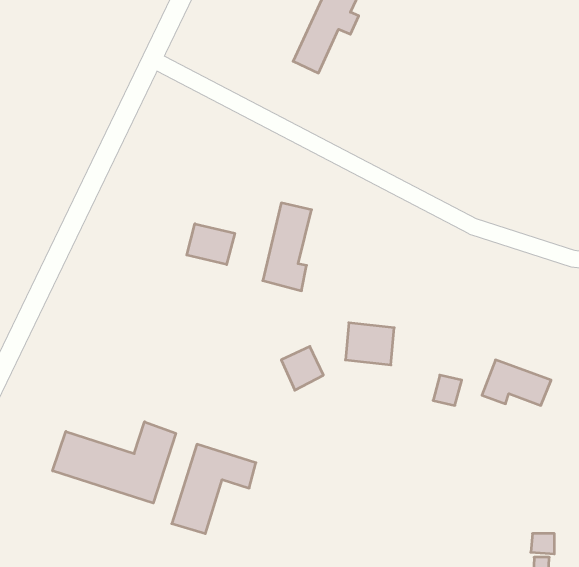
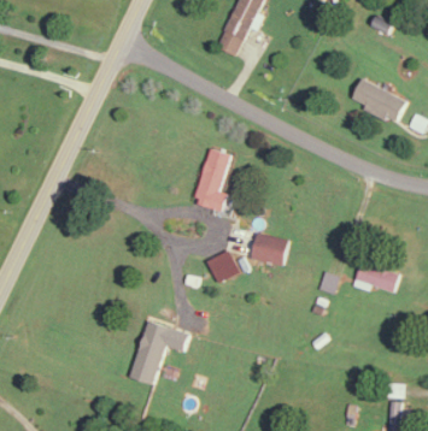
building: none -> [351,78,408,122]
building: [187,224,235,265] -> none
building: [53,422,176,503] -> none

